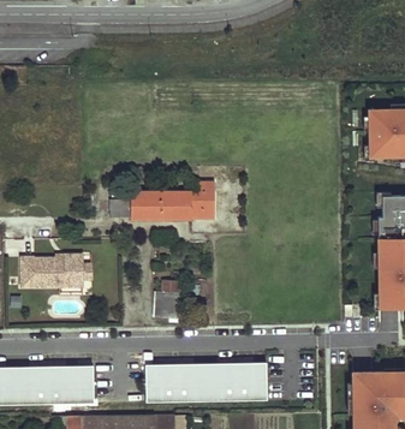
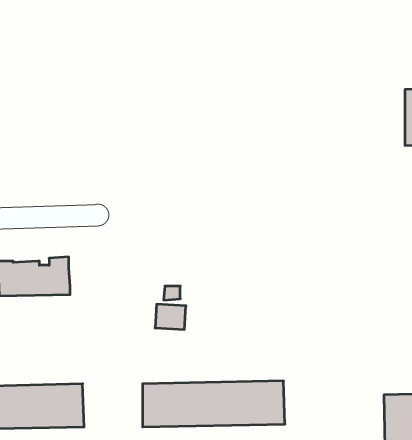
building: [131,180,215,218] -> none

